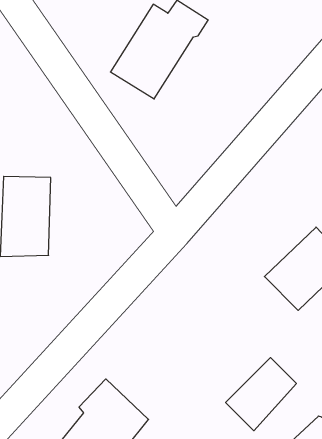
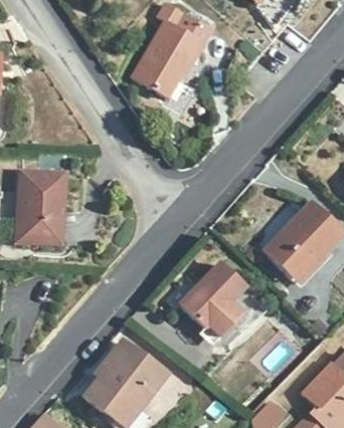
building: [226,358,296,431] -> [182,268,245,334]

